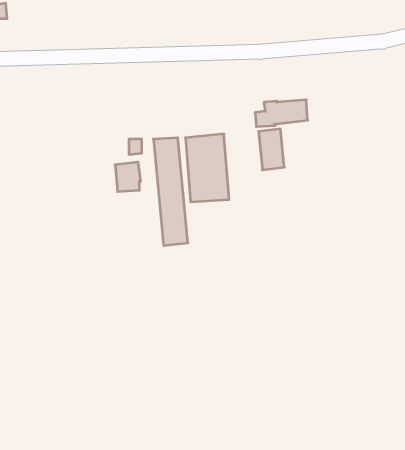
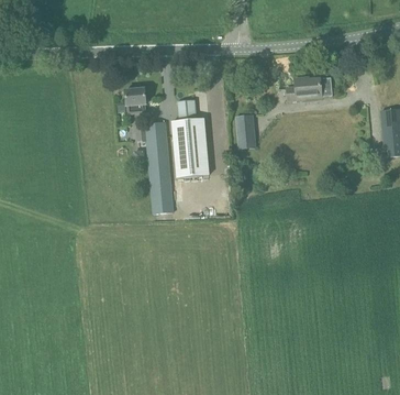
building: [255,100,308,127] -> [287,76,332,99]
building: [115,162,141,192] -> [124,87,146,112]

